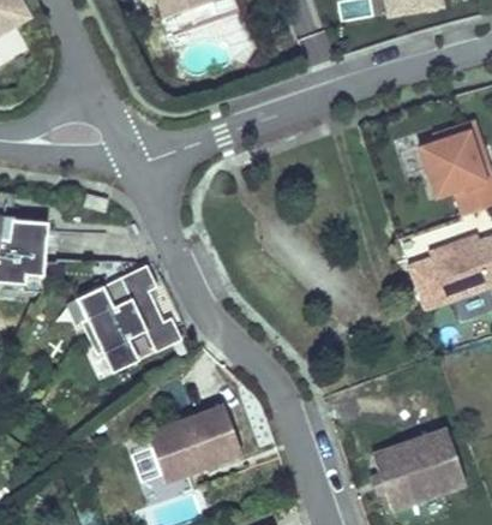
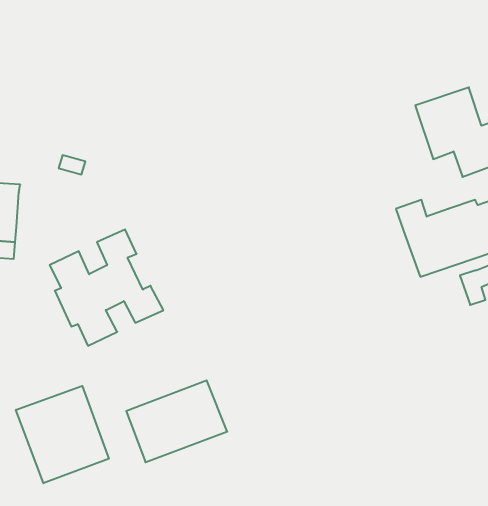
building: none -> [16,386,109,483]
building: [373,428,467,509] -> none

